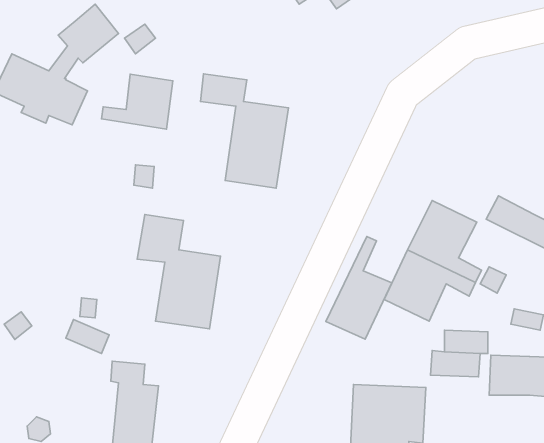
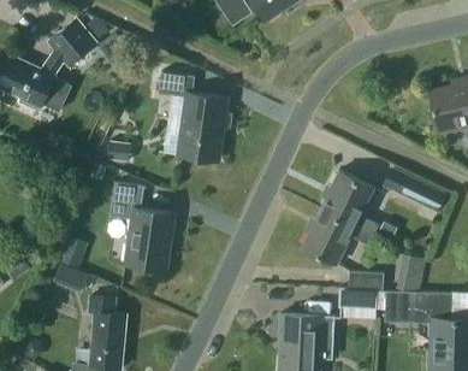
building: [102,74,173,129] -> none
building: [326,237,392,339] -> none

